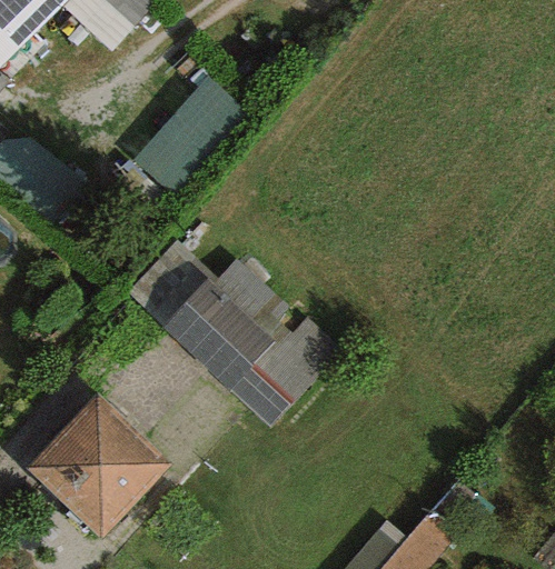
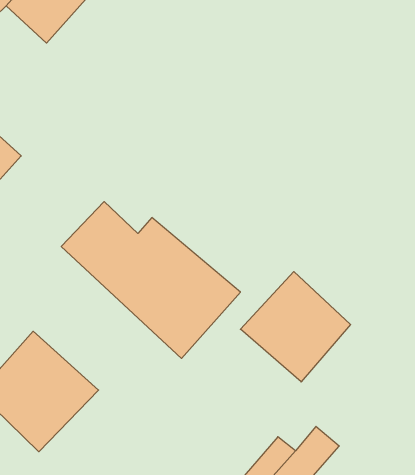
building: [139,72,249,191] -> none
building: none -> [240,272,351,382]

